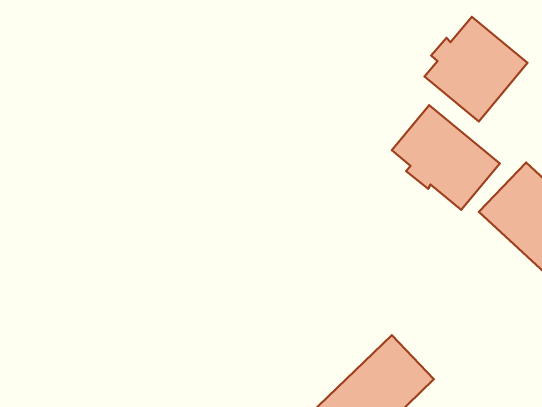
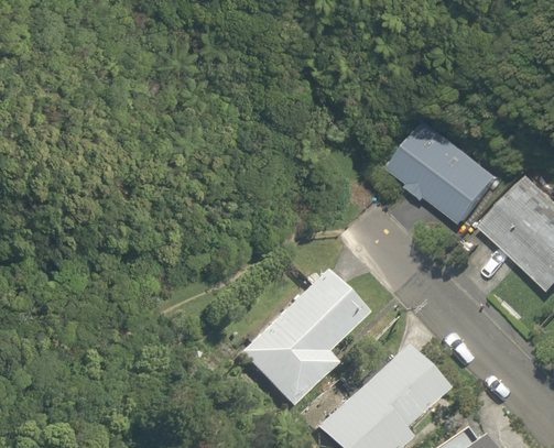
building: [425,17,528,122] -> none
building: none -> [241,272,366,406]

